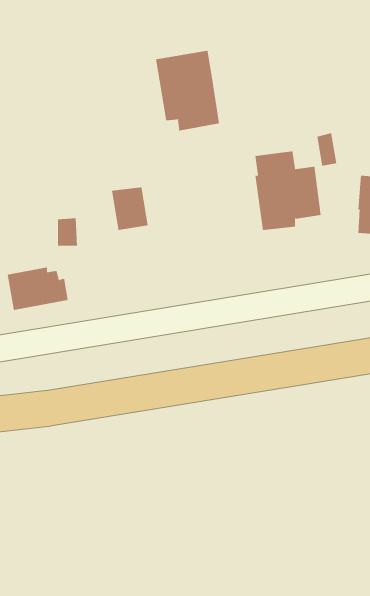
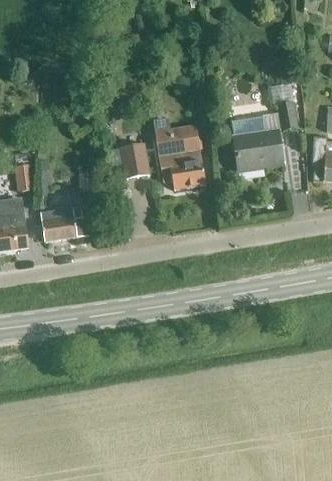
building: [155,50,220,131] -> [155,126,205,189]

